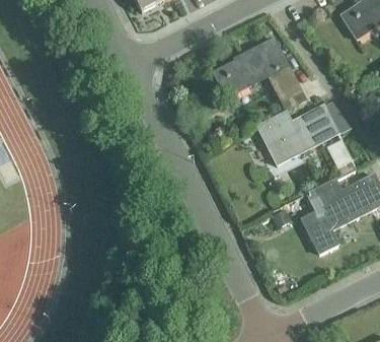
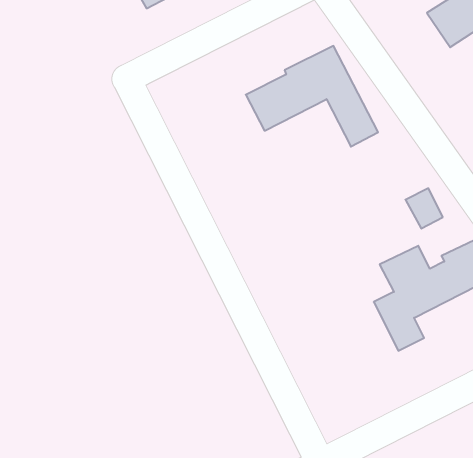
building: [256,106,337,163] -> none

